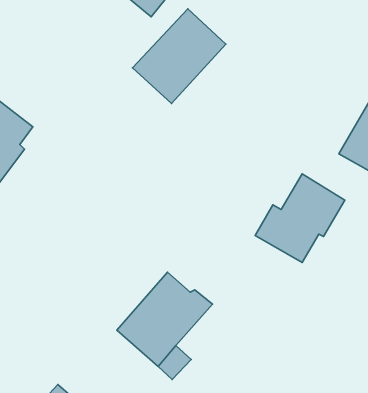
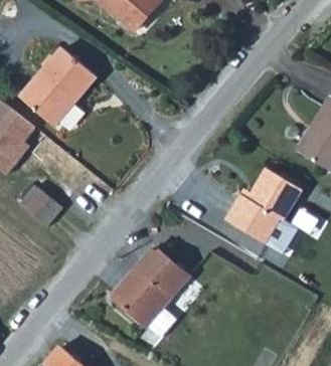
building: [132,9,226,103] -> [22,43,102,124]
building: none -> [17,187,60,228]

